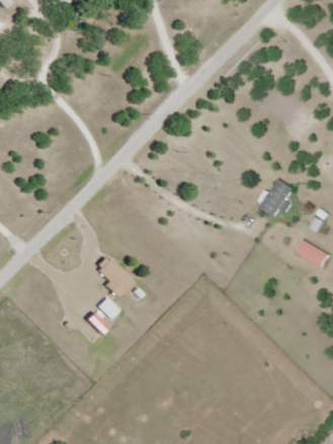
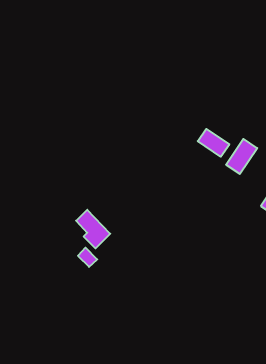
building: none -> [198,129,229,157]

